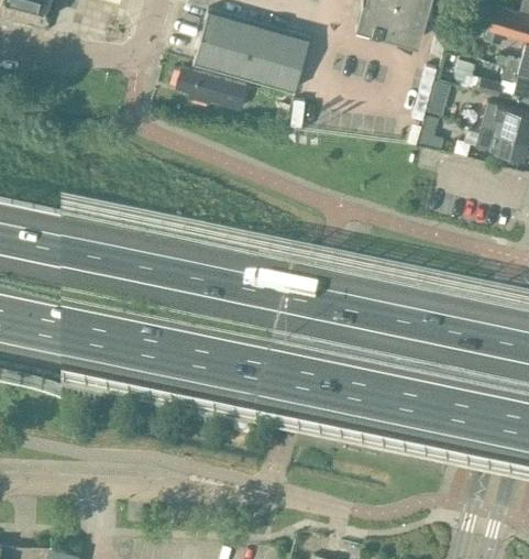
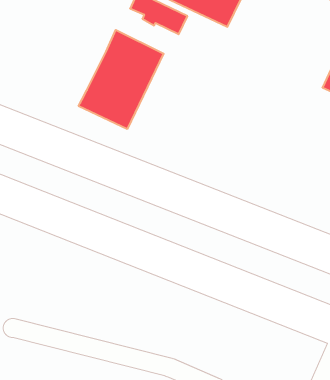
building: none -> [79,30,164,129]

